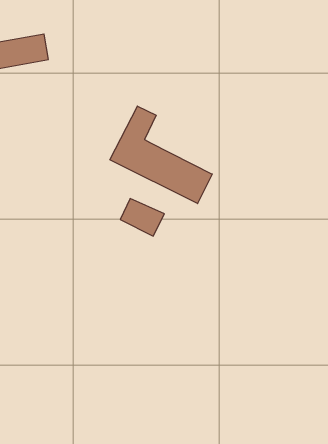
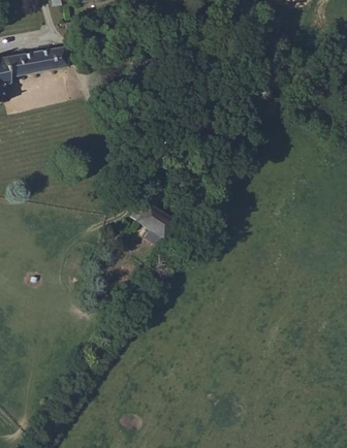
building: [110,106,212,204] -> none

